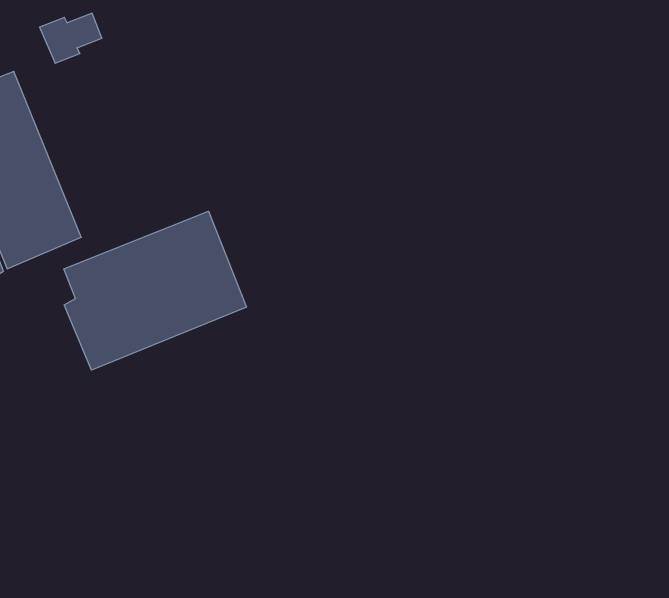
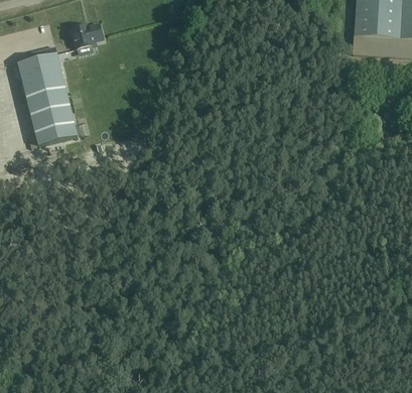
building: [64,211,246,370] -> none

